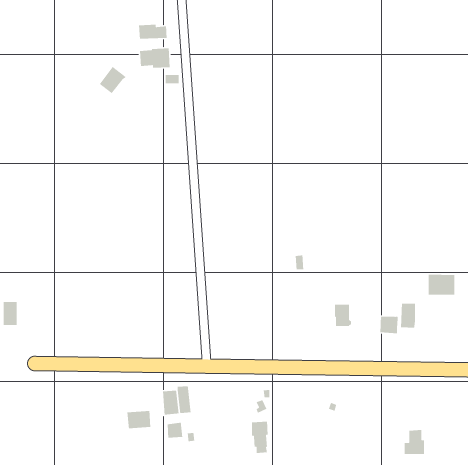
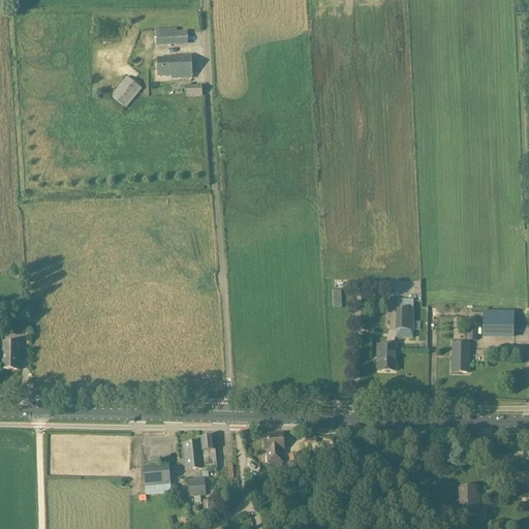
building: none -> [396,298,413,328]
building: [380,316,398,334] -> none
building: [251,421,269,454] -> [264,431,284,468]

